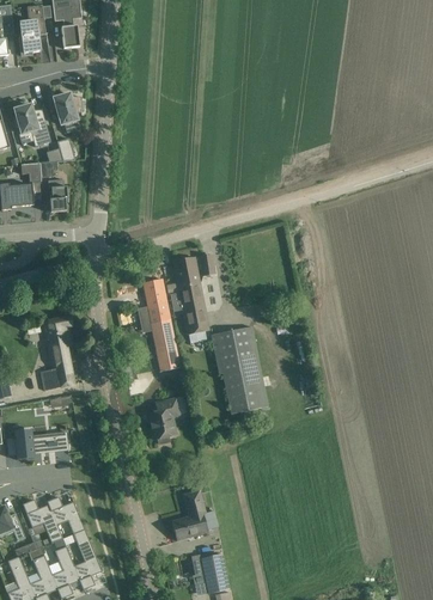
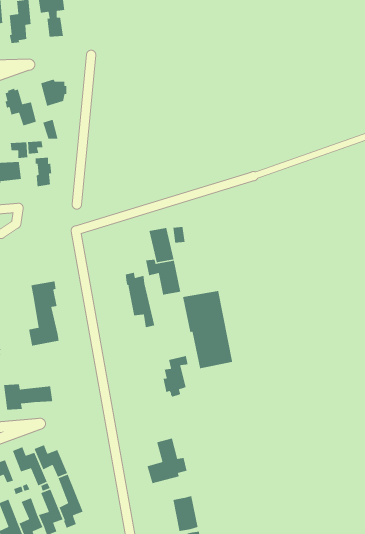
building: [142,278,169,312] -> none
building: [150,397,178,443] -> [163,355,189,397]

